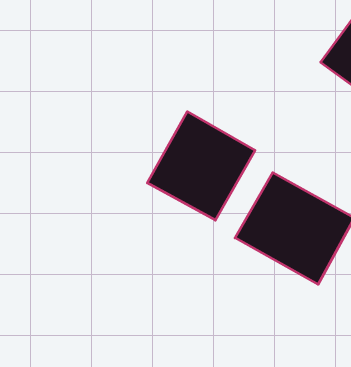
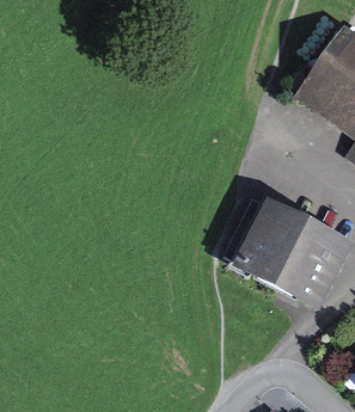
building: [147,112,255,220] -> none

